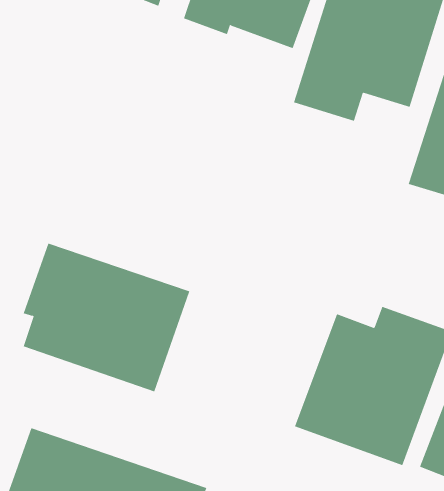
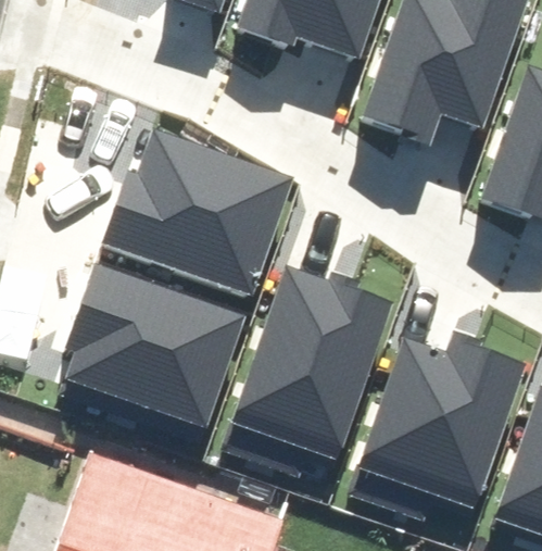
building: none -> [99,130,292,295]
building: none -> [237,268,393,451]

